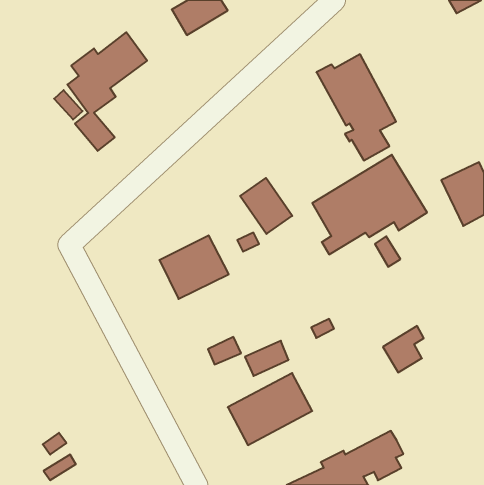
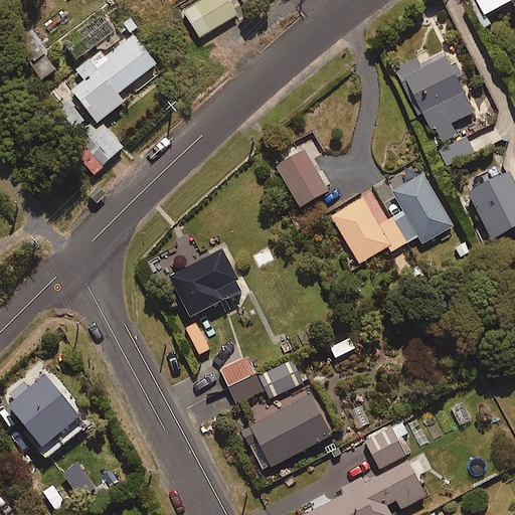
building: [316,54,396,160] -> [397,54,482,167]
building: [240,178,292,234] -> [275,148,330,207]
building: [383,326,424,372] -> [364,419,407,469]
building: none -> [5,372,79,448]

